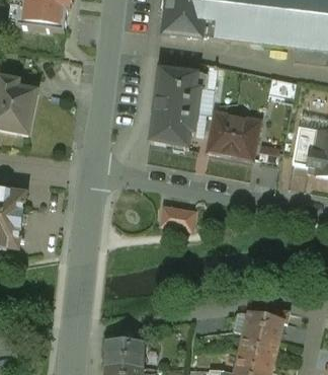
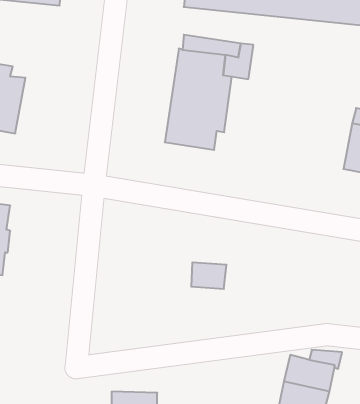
building: [208,111,258,158] -> none
building: [165,207,193,228] -> [191,262,227,289]

